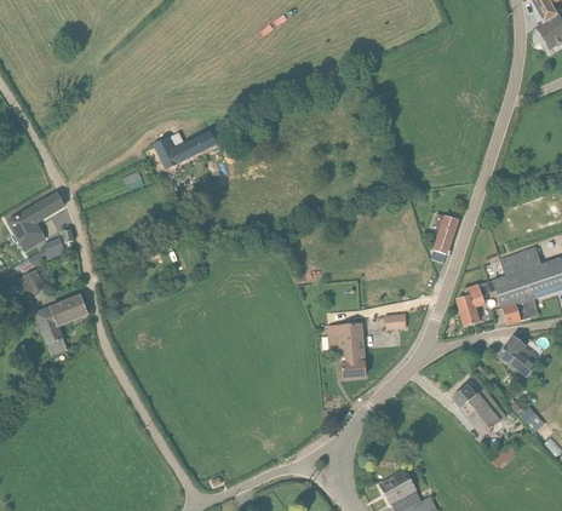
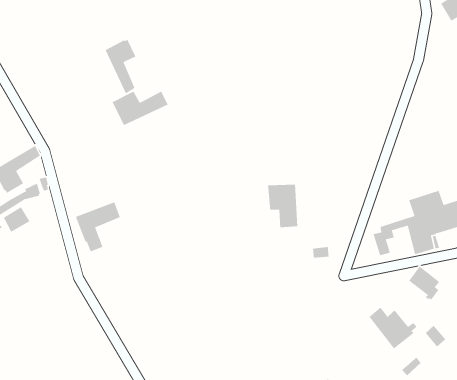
building: none -> [104,39,137,94]
building: [430,212,458,262] -> none
building: [34,294,88,355] -> [75,201,121,252]
building: [328,323,365,375] -> [267,184,298,228]

